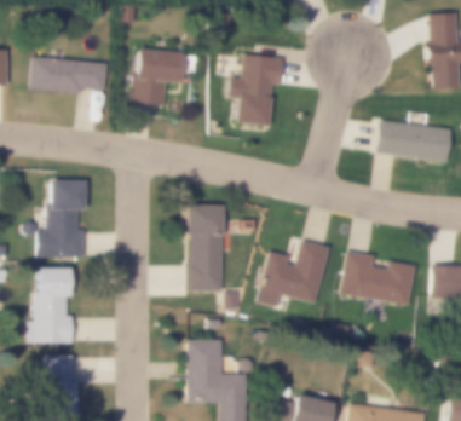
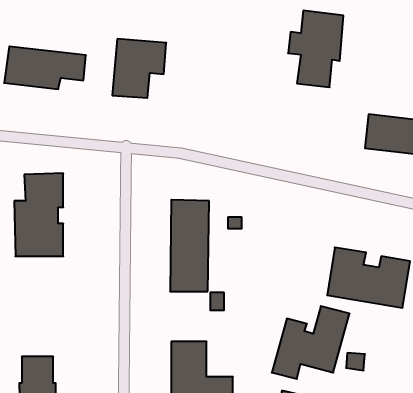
building: [231,54,284,128] -> [288,11,343,87]
building: [255,237,330,307] -> [272,306,350,379]
building: [29,267,74,342] -> none

